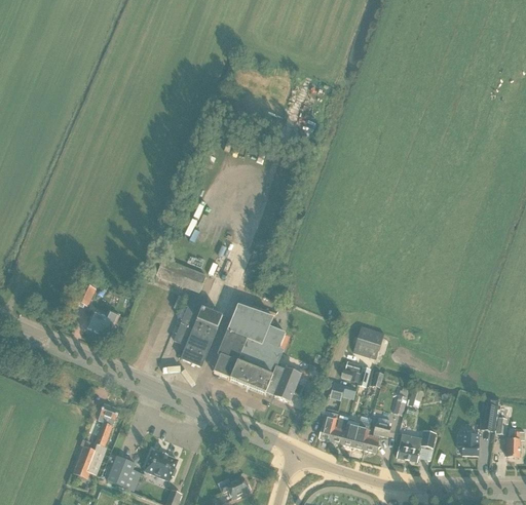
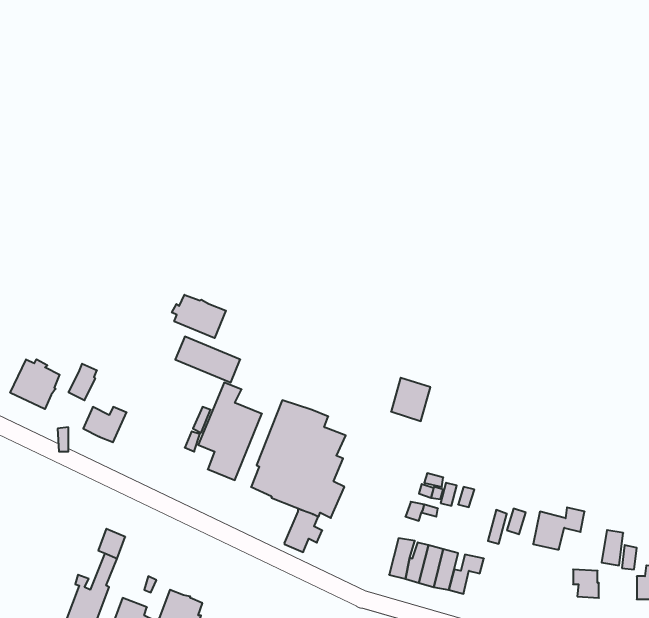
building: none -> [172,295,226,338]
building: none -> [10,359,60,409]
building: [353,324,383,357] -> [391,378,430,421]
building: [274,368,303,401] -> [284,509,322,552]
building: [397,429,436,461] -> [533,507,585,549]

